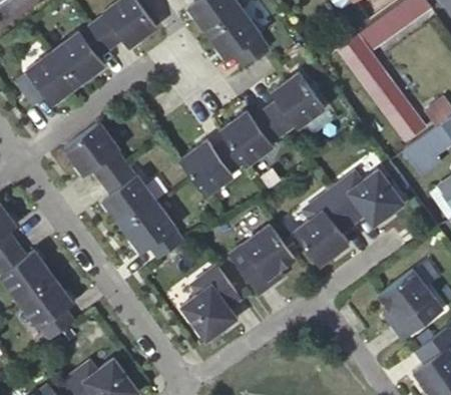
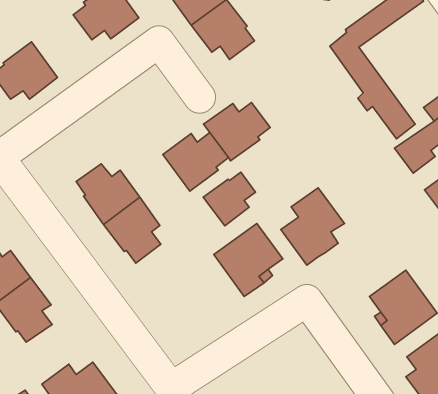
building: [54,23,112,83] -> none
building: [266,70,325,131] -> none
building: [65,120,121,183] -> none
building: [330,168,404,225] -> none
building: none -> [203,172,255,226]
building: [182,265,242,339] -> none

